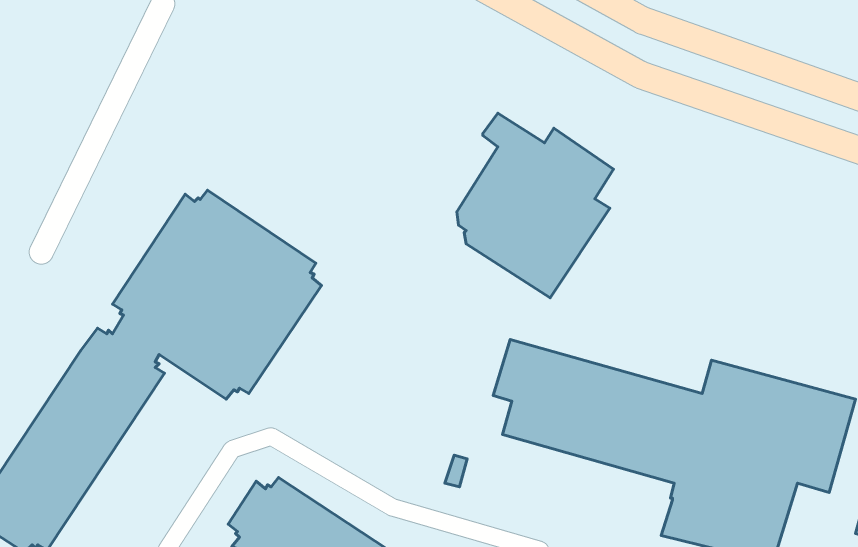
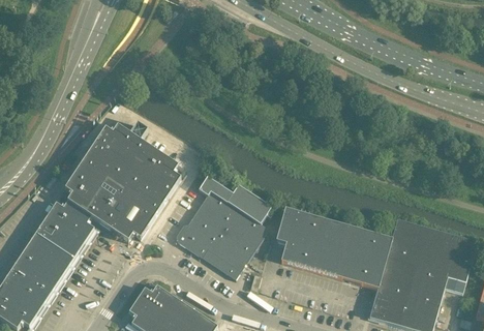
building: [457,113,614,298] -> [183,175,270,277]

